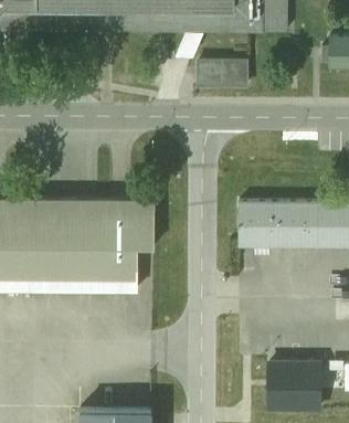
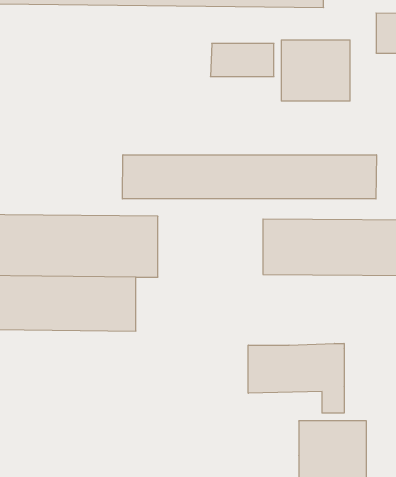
building: none -> [281,40,350,101]
building: none -> [122,155,376,199]
building: none -> [248,343,344,413]

